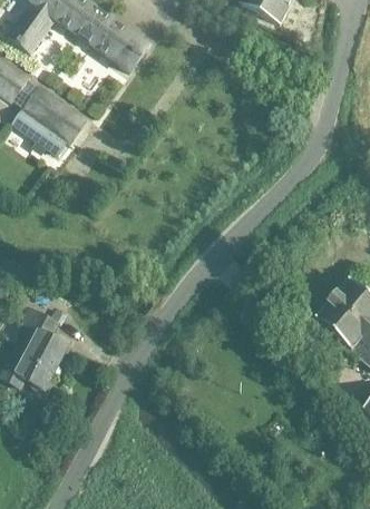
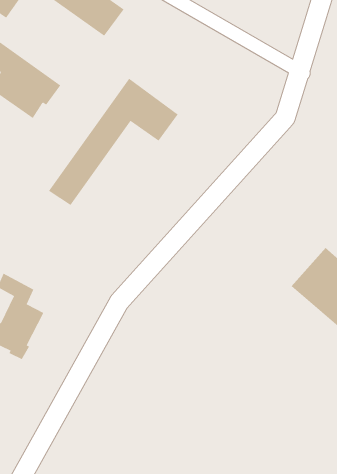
building: none -> [48,78,179,206]

